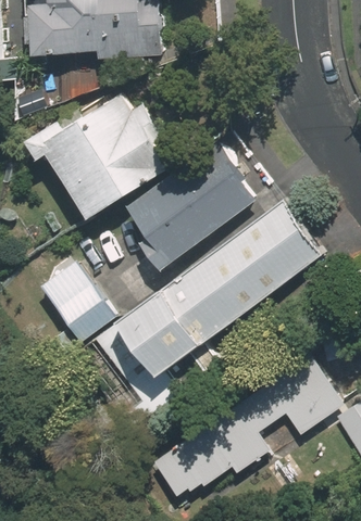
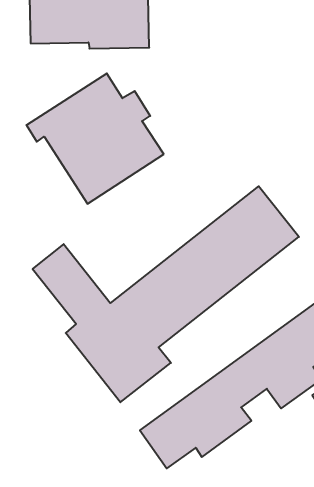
building: [128,153,257,267] -> none

